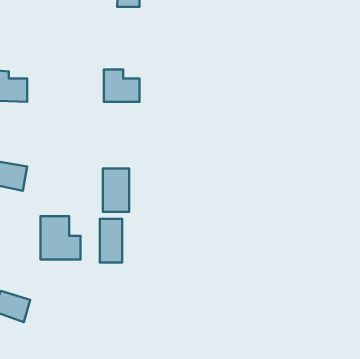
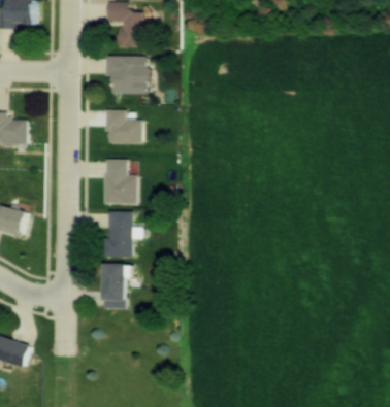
building: none -> [106,56,139,94]
building: none -> [104,159,128,203]
building: [41,216,80,260] -> none

